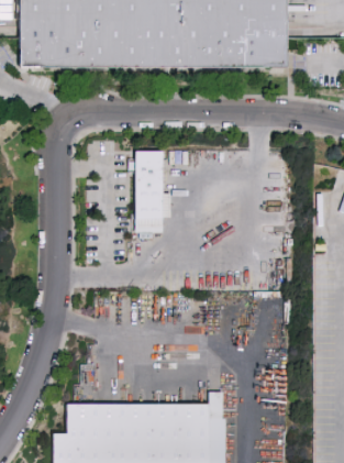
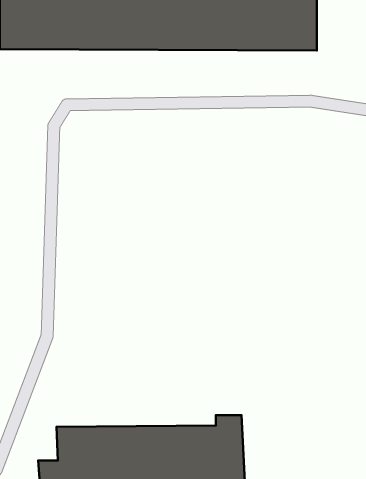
building: [134,141,173,229] -> none

